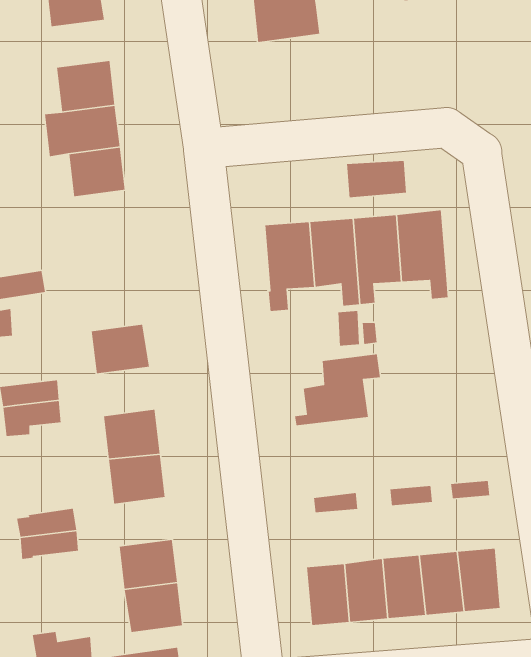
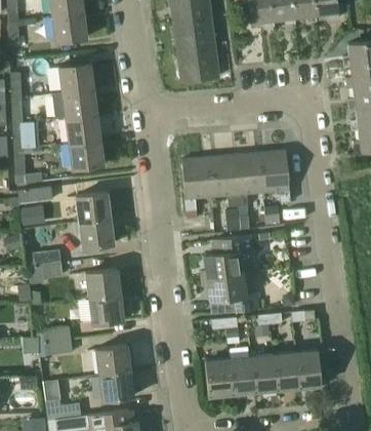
building: none -> [178,46,219,81]
building: [346,160,407,198] -> none
building: none -> [70,139,105,168]
building: none -> [77,192,111,222]
building: none -> [201,272,260,313]

